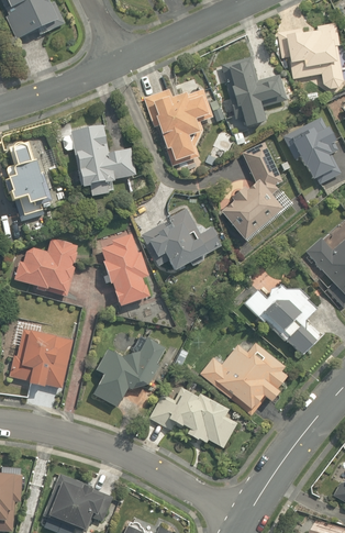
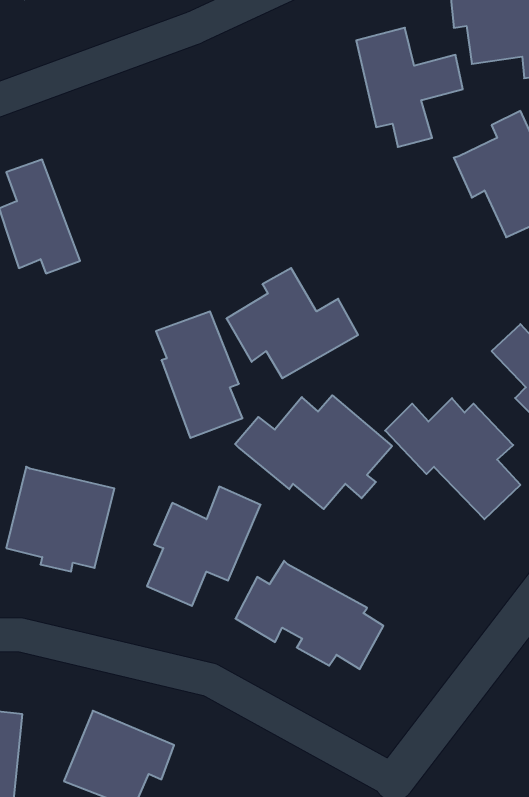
building: [142,87,212,162] -> none
building: [71,124,138,189] -> none
building: [221,141,286,243] -> none
building: [13,238,79,295] -> none
building: [197,342,292,411] -> [235,395,392,509]

